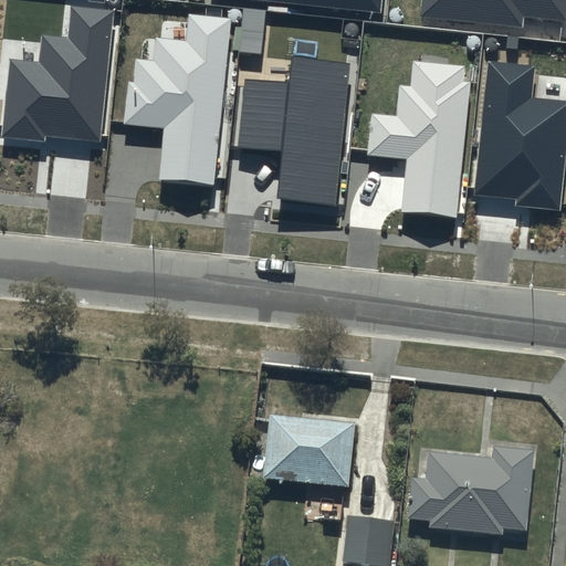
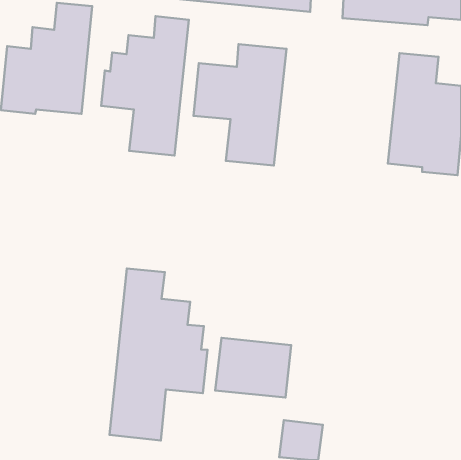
building: [367,67,465,223] -> none
building: none -> [110,268,207,441]
building: [409,444,533,532] -> none

